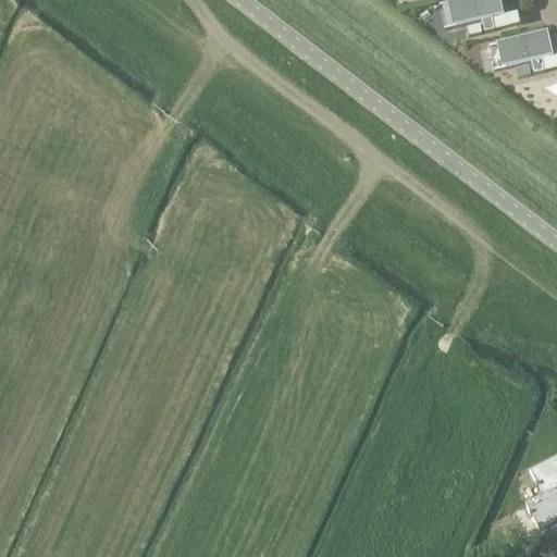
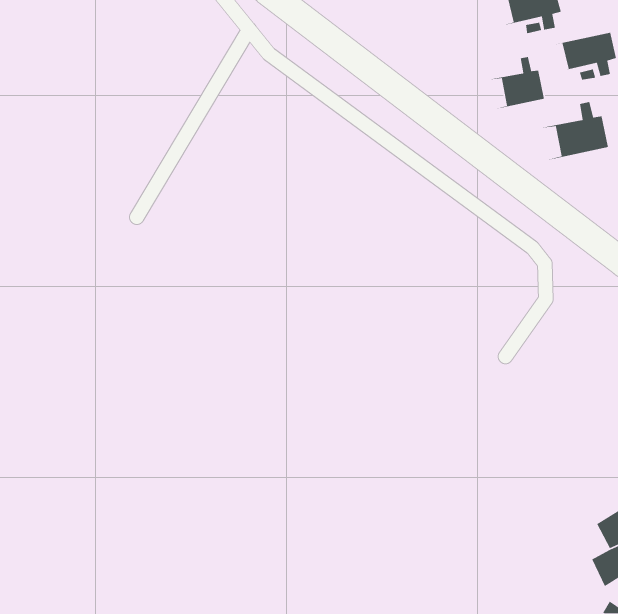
building: none -> [490,56,545,109]
building: none -> [541,101,609,160]

